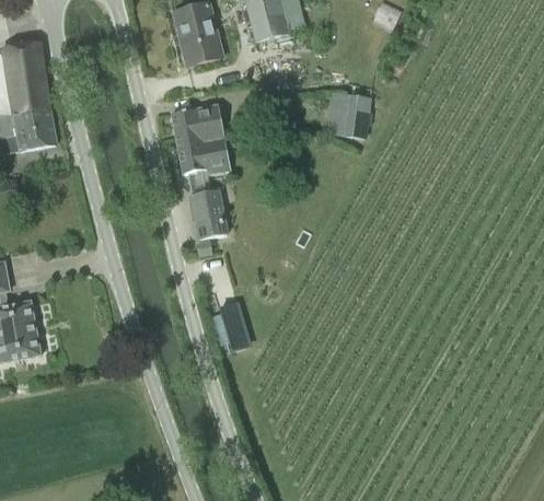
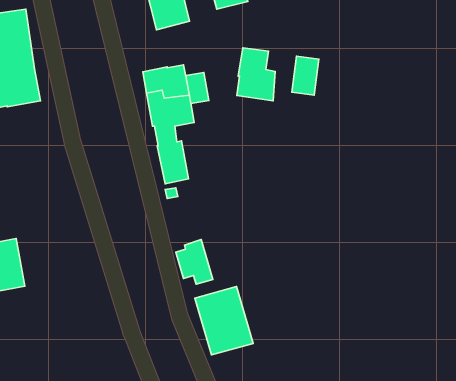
building: none -> [237,48,275,101]
building: none -> [186,72,209,103]
building: none -> [195,287,253,355]

